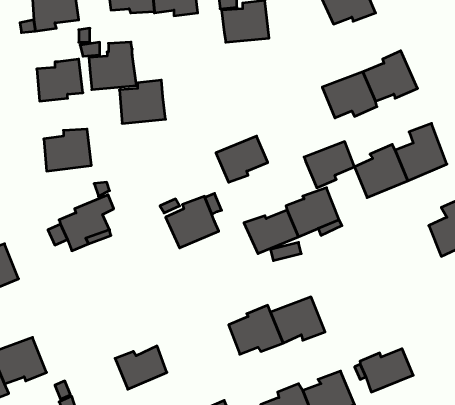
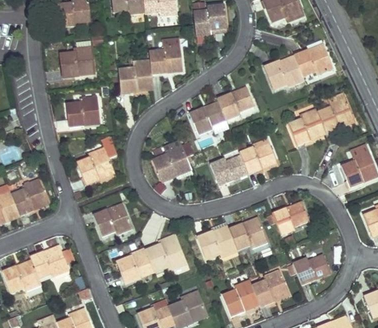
building: [89,42,136,90] -> [149,39,183,73]
building: [304,142,355,188] -> [217,87,253,120]
building: none -> [271,200,308,233]
building: none -> [93,202,132,235]
building: none -> [145,237,184,270]

